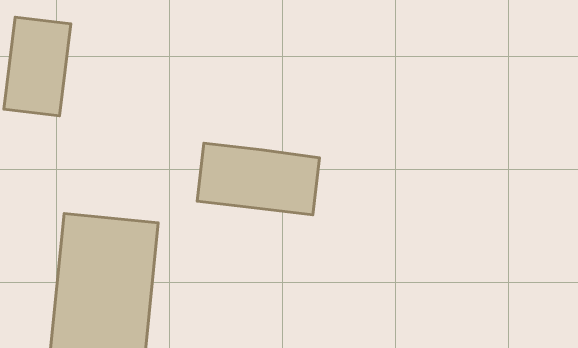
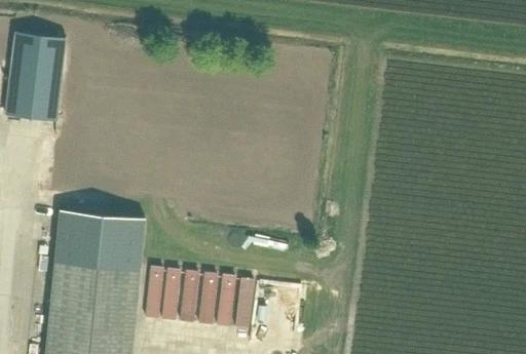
building: [197,143,320,215] -> [148,262,259,326]

